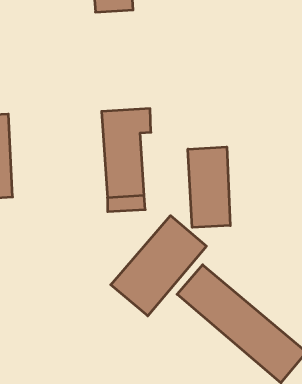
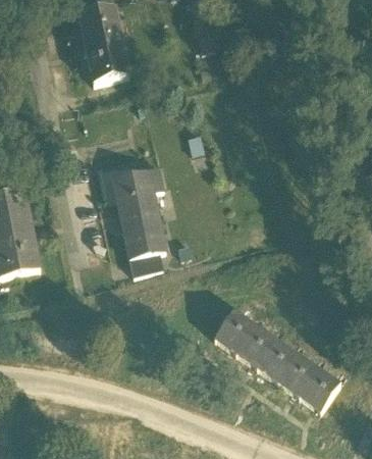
building: [188,147,230,227] -> none
building: [111,216,206,316] -> none

